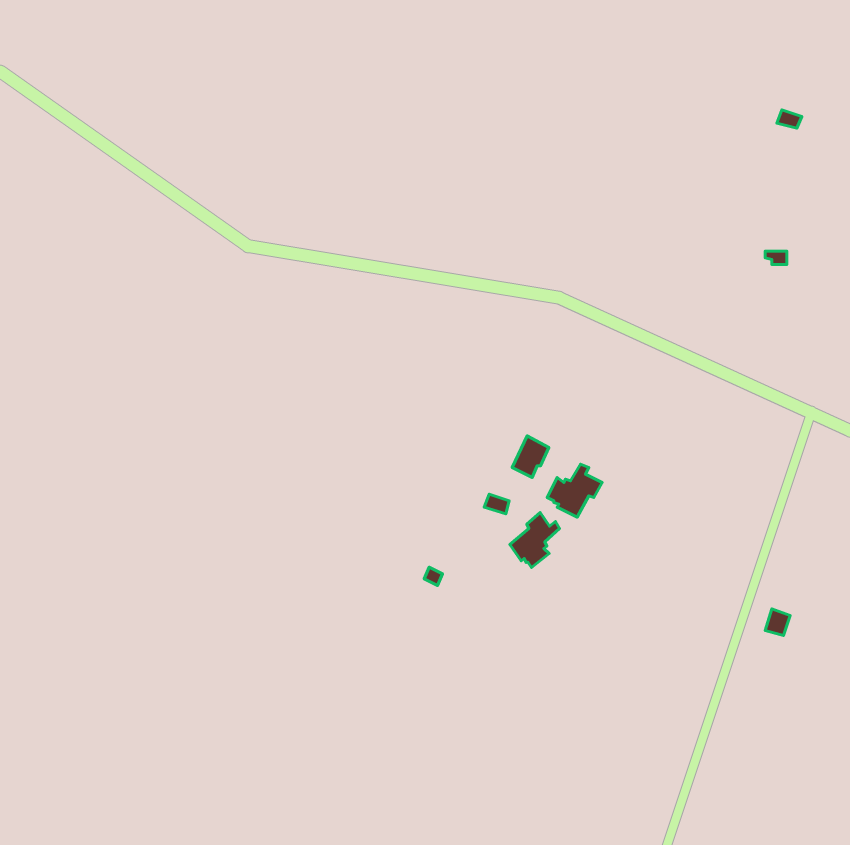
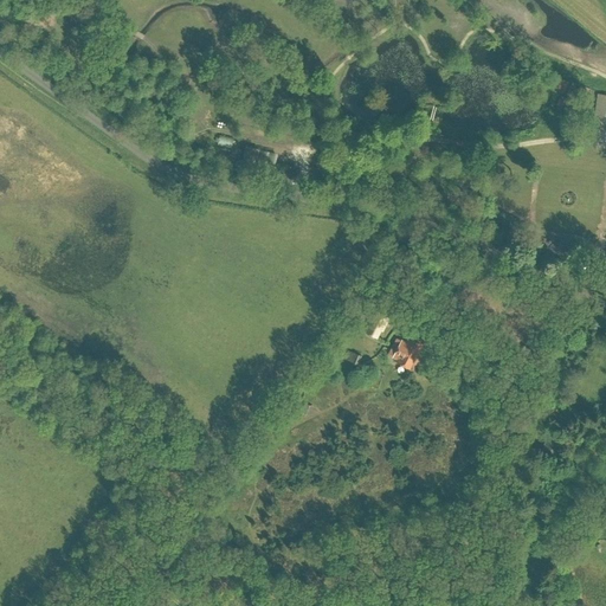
building: [510,513,559,568] -> none

